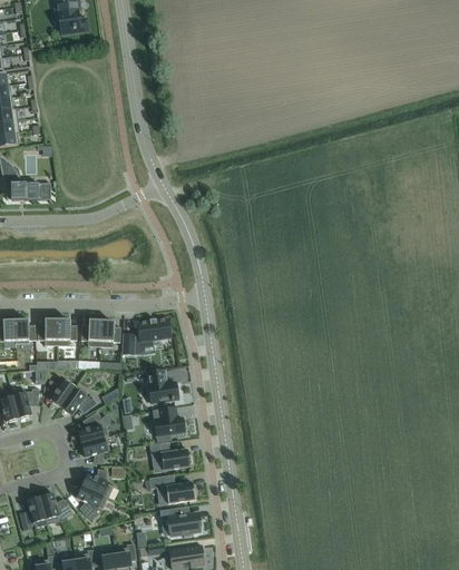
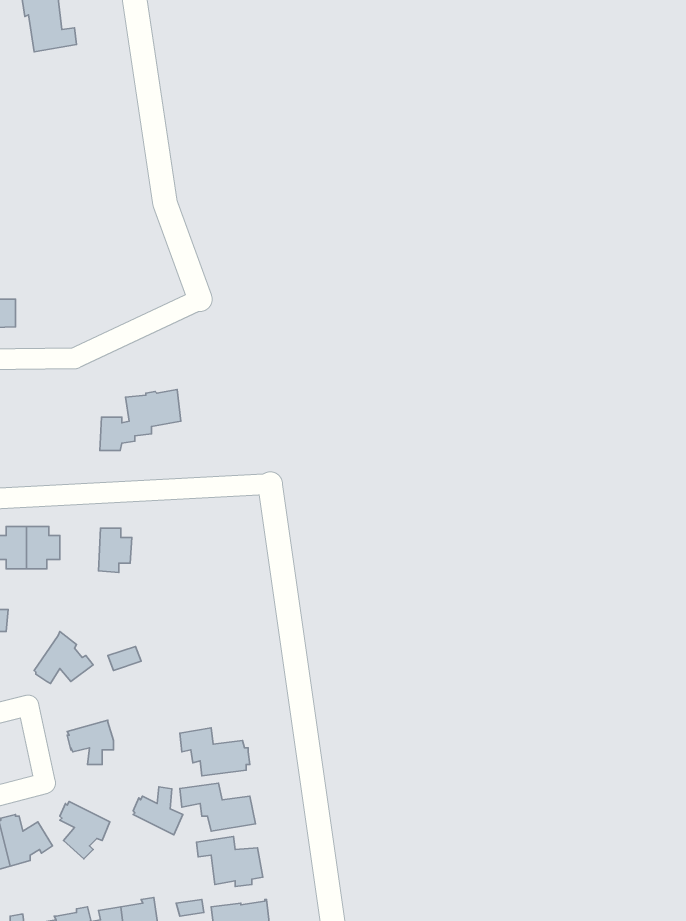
building: [121,317,170,354] -> [100,390,181,451]
building: [81,320,101,346] -> none
building: [147,371,177,403] -> none
building: [47,379,76,406] -> none
building: [153,406,185,441] -> none
building: [78,411,108,443] -> none
building: [82,469,113,498] -> [133,787,183,835]

